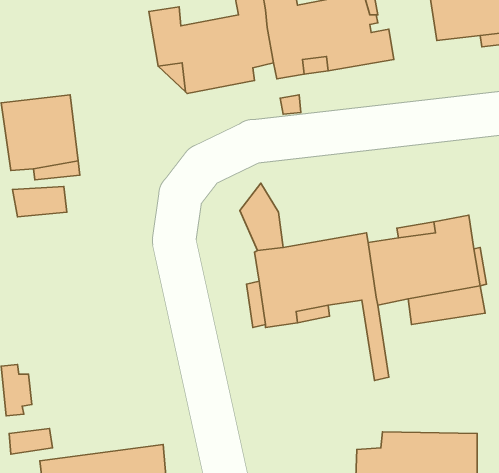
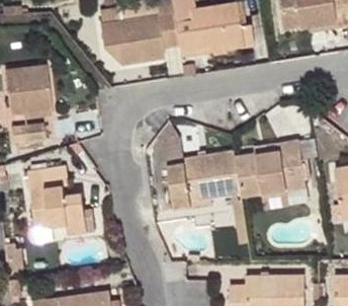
building: none -> [17,154,92,224]

